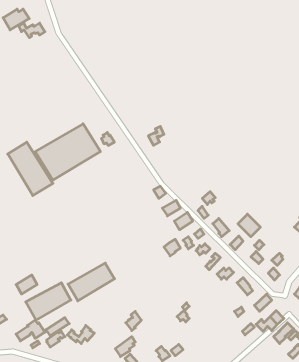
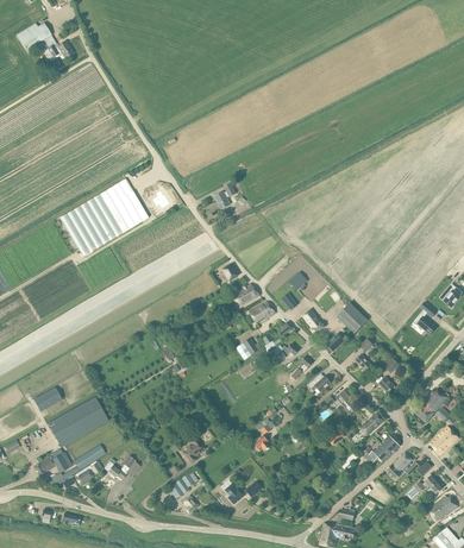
building: [8,142,53,196] -> none
building: [68,263,115,301] -> none

